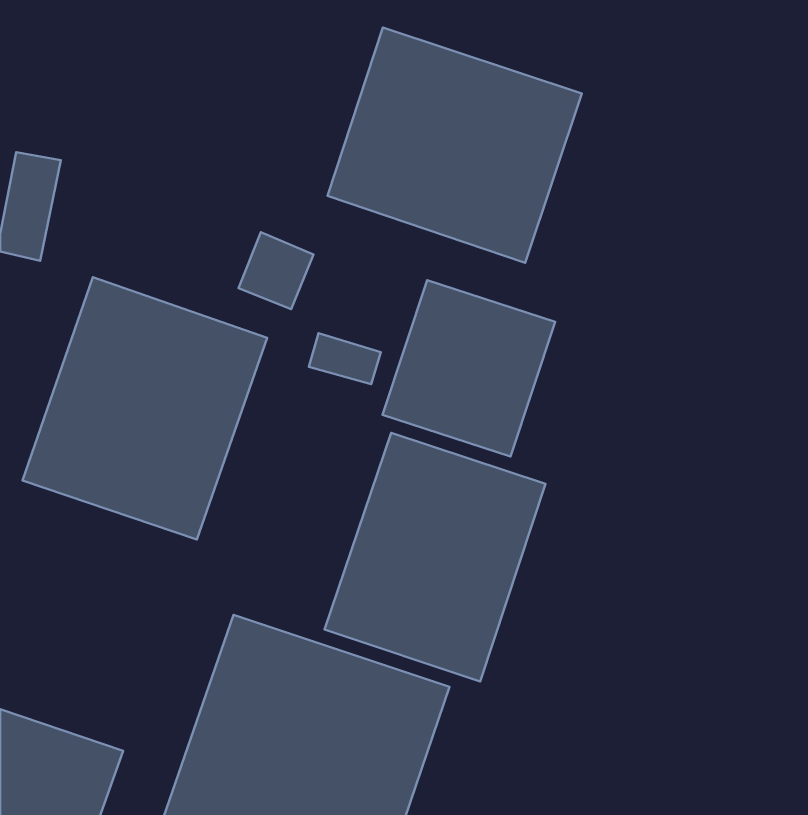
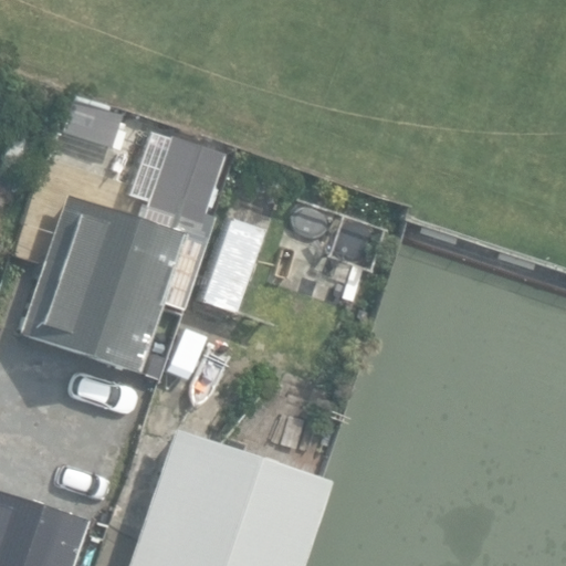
building: [327,27,582,263] -> none
building: [325,433,546,681] -> none

